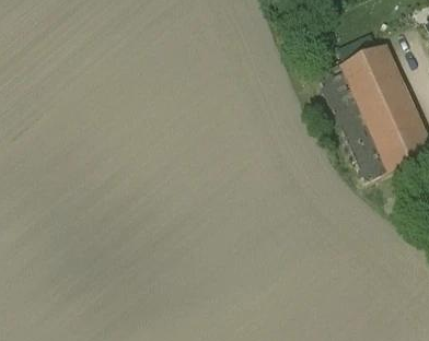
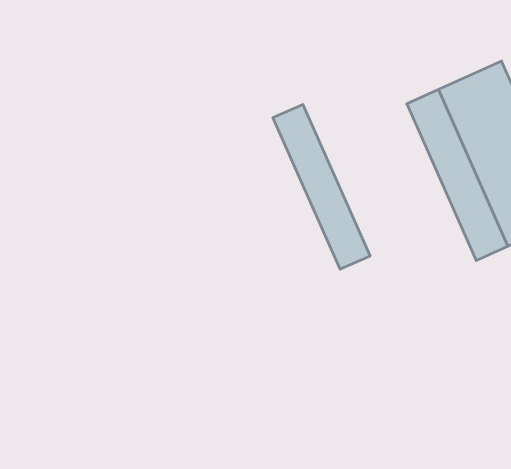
building: none -> [273,104,370,269]

